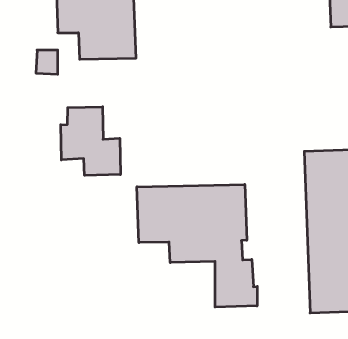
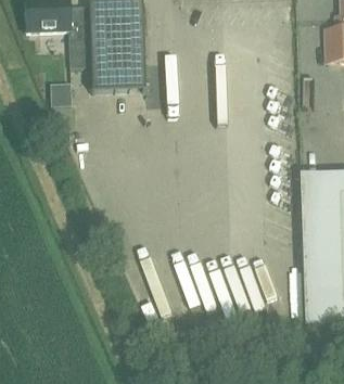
building: [61,107,120,175] -> none
building: [137,184,257,307] -> none

